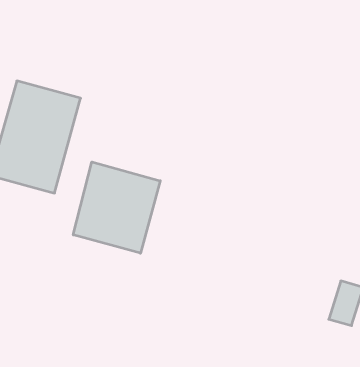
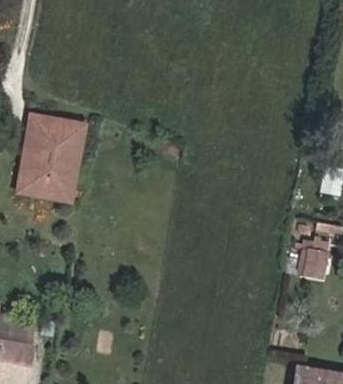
building: [73,162,160,253] -> none

